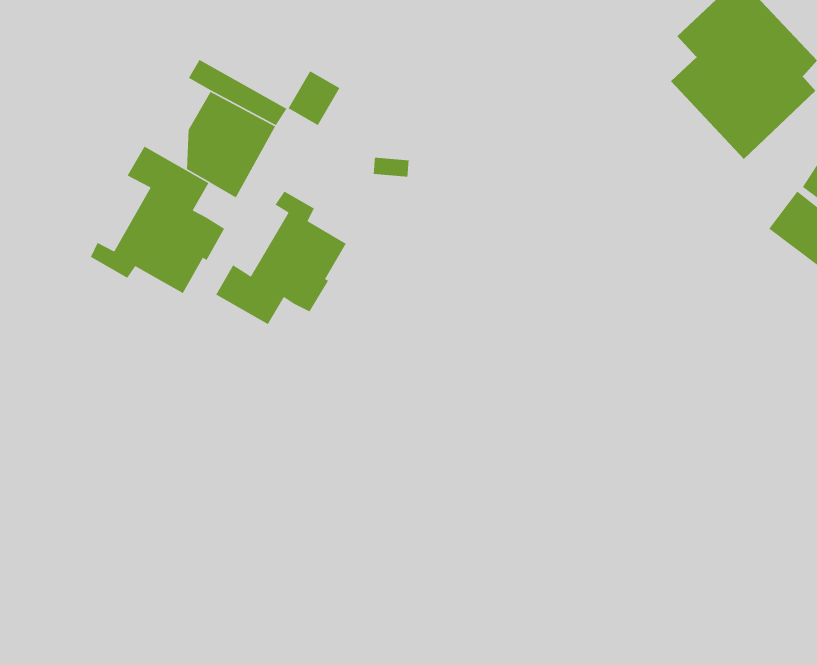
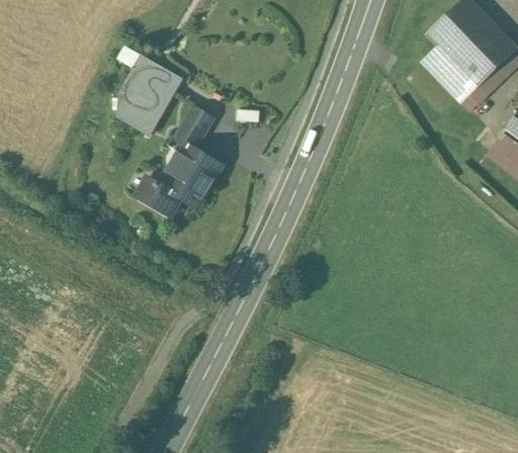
building: [287,70,341,126] -> [180,105,213,141]
building: [90,146,225,294] -> none

